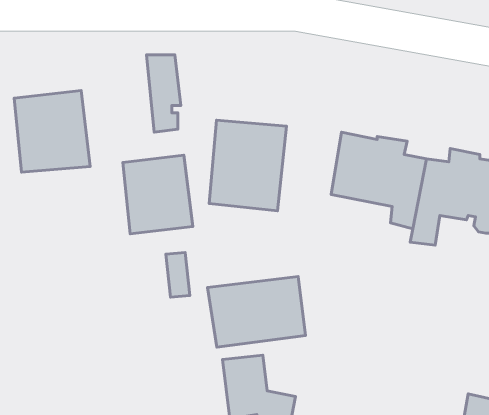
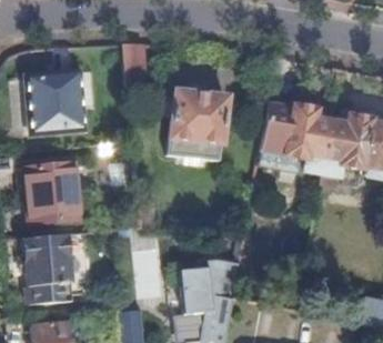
building: [123,155,193,234] -> [26,163,78,222]
building: [208,276,306,347] -> none
building: none -> [26,234,73,304]

